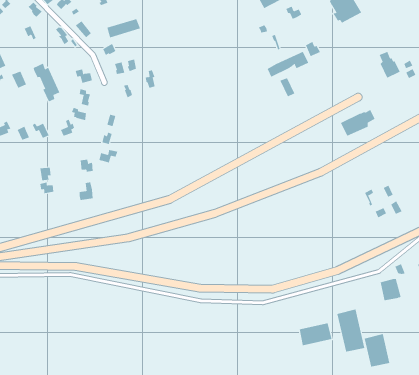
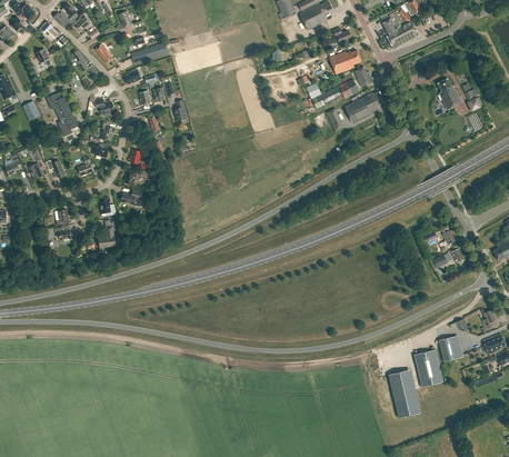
building: none -> [329,49,361,73]
building: [340,109,375,137] -> [345,90,385,121]
building: [299,323,332,346] -> none
building: [364,334,390,367] -> [413,348,443,386]

